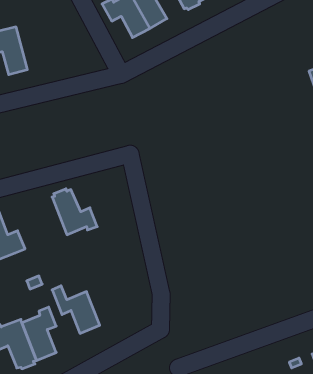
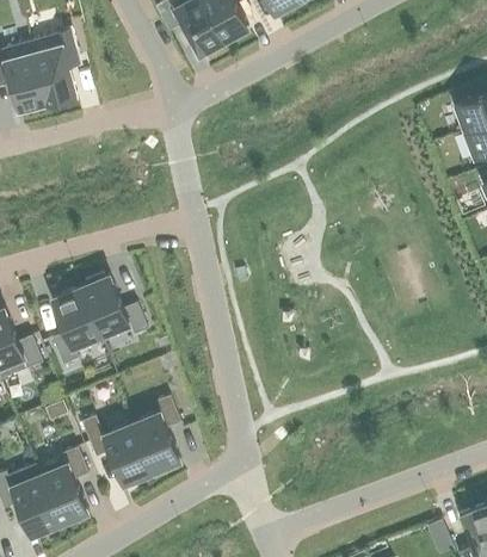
building: none -> [29,30,78,103]
building: none -> [51,287,103,365]
building: none -> [131,396,180,474]

